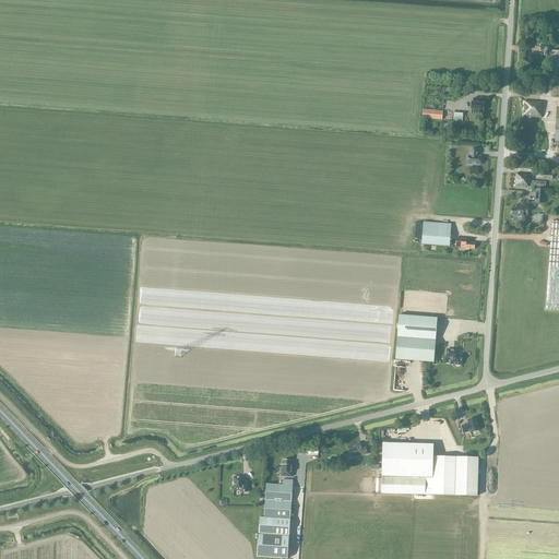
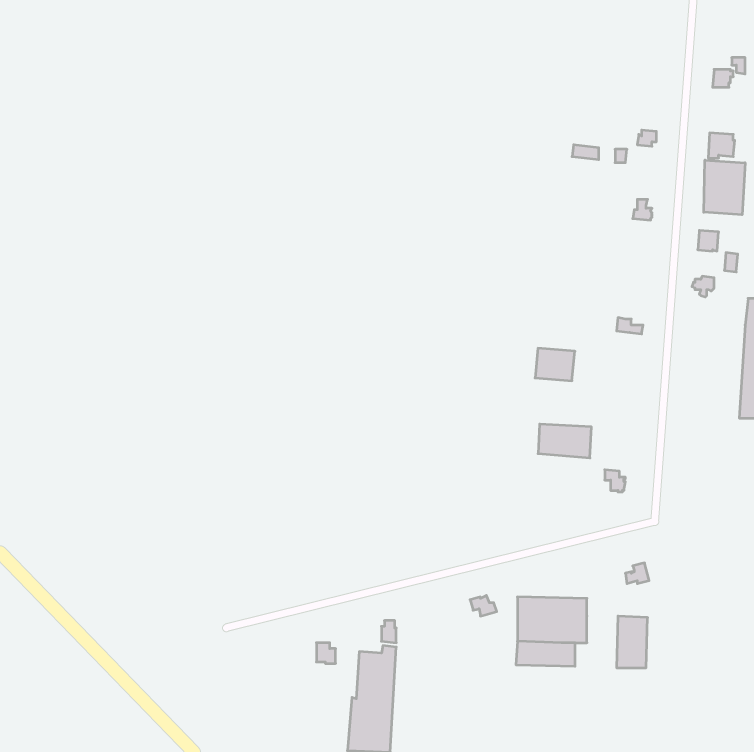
building: none -> [704,160,745,215]
building: [423,221,452,245] -> [535,348,575,381]
building: [396,335,437,360] -> none
building: [426,455,457,493] -> none

